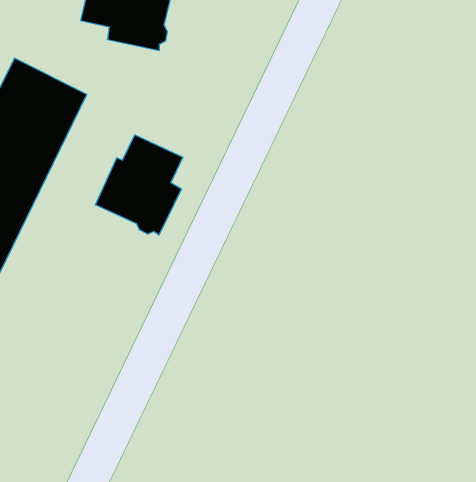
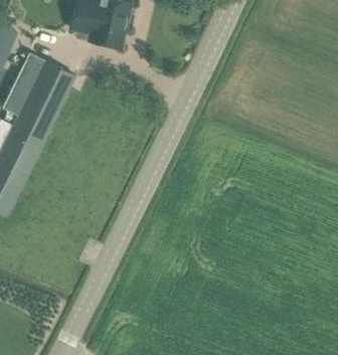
building: [95,135,183,235] -> none

